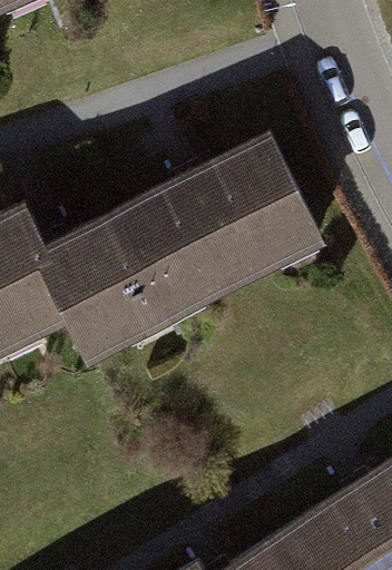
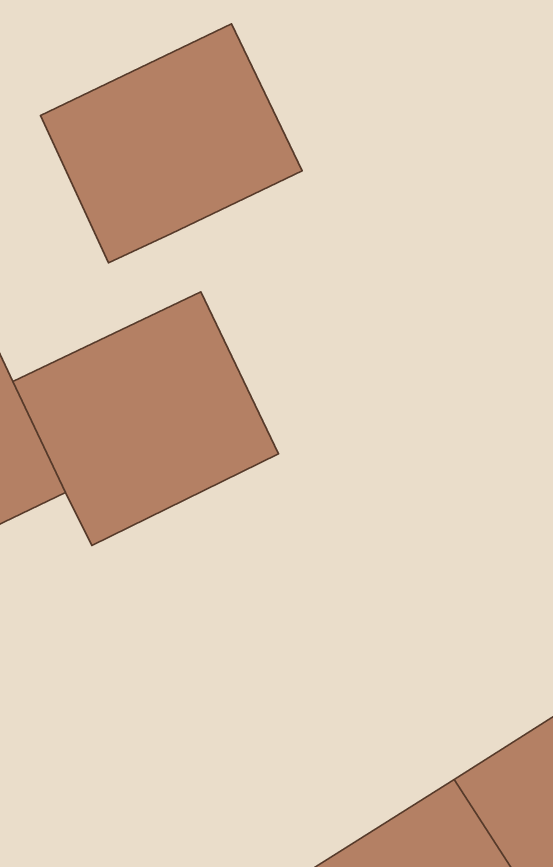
building: none -> [41,24,302,263]
building: [155,140,318,298] -> none

